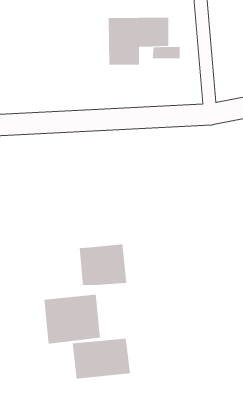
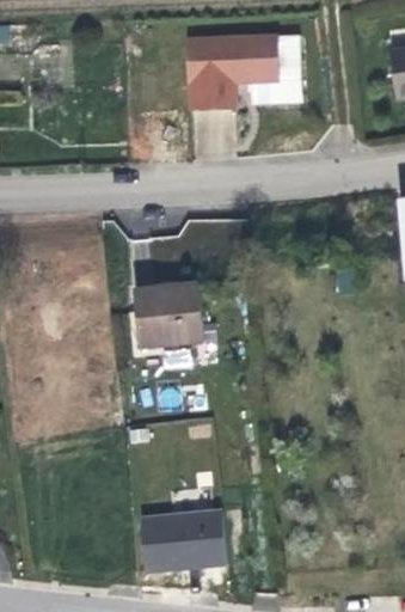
building: [79,244,127,286] -> [134,290,204,351]
building: [44,294,100,345] -> none

